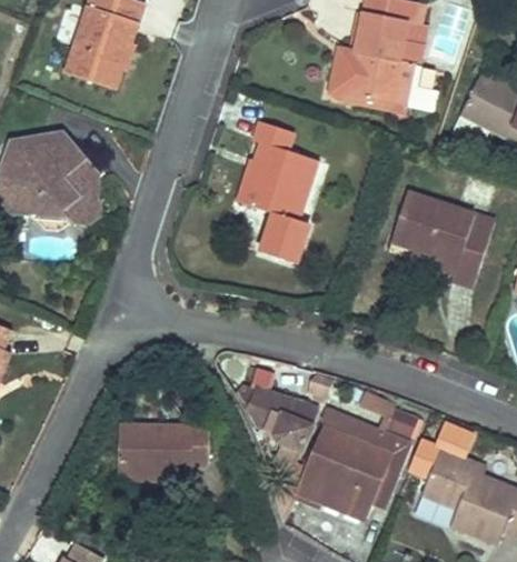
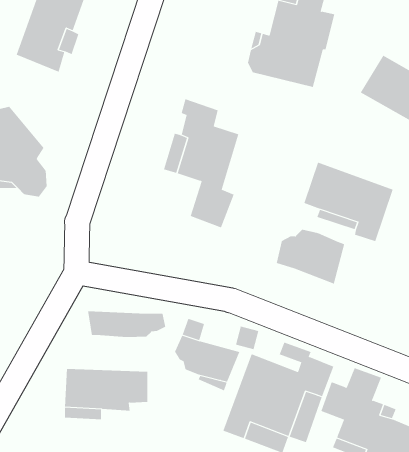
building: none -> [276,229,345,285]
building: none -> [88,310,166,338]

